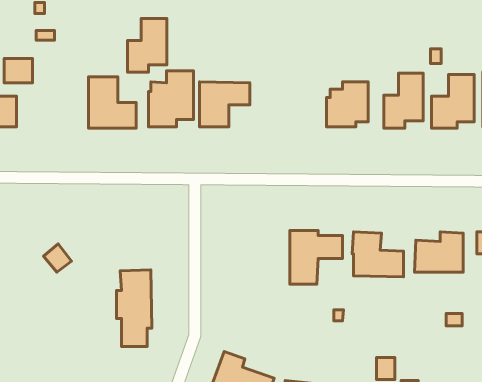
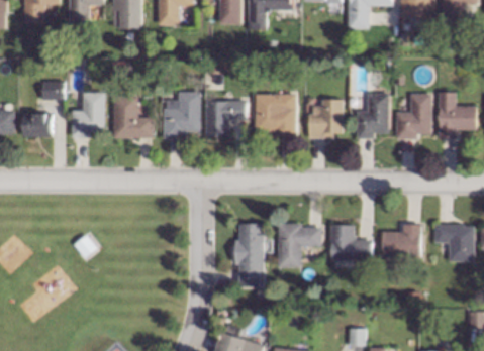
building: [128,18,167,72] -> [72,93,104,137]
building: none -> [255,94,297,139]
building: [117,270,152,347] -> [235,223,265,286]

